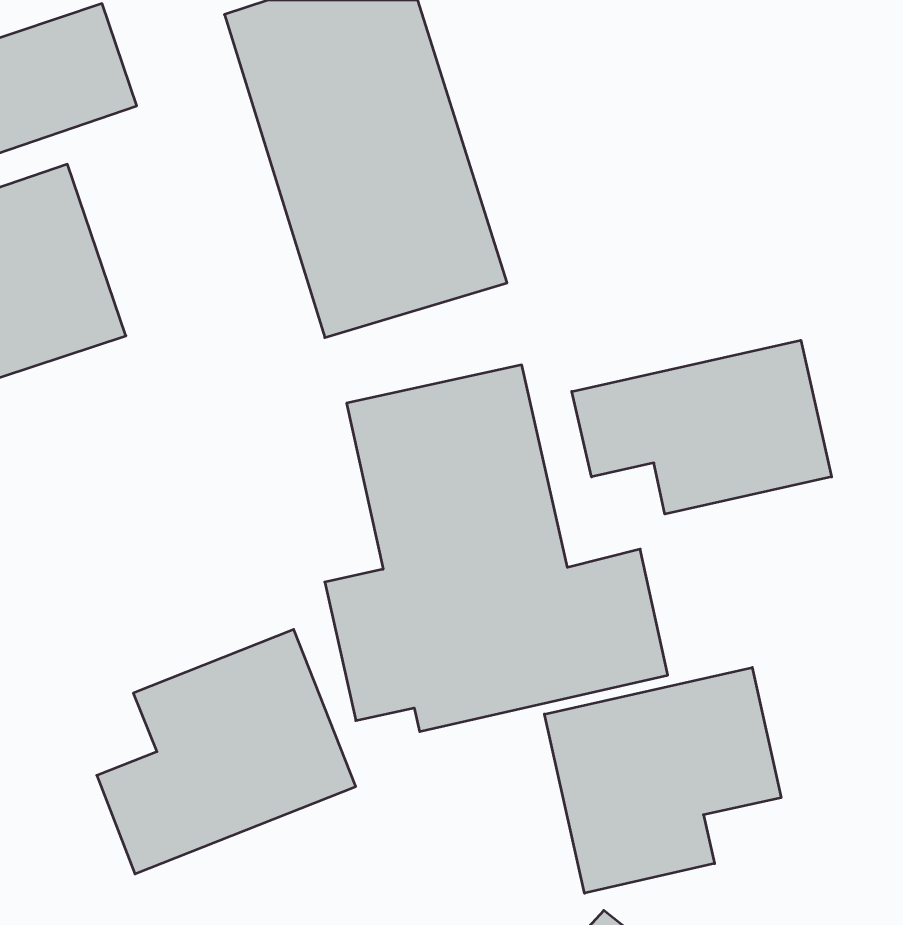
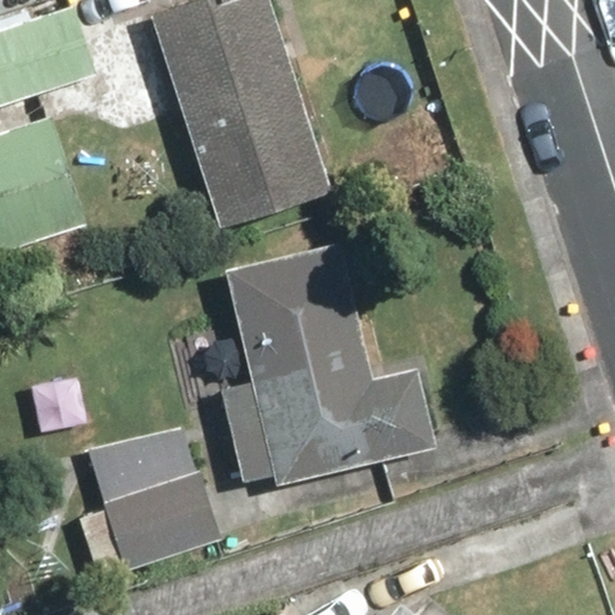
building: [572,340,832,514] -> none
building: [544,667,781,893] -> none

